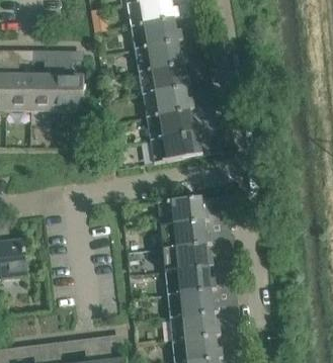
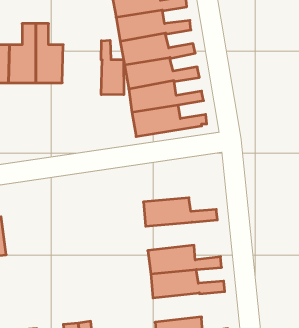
building: none -> [101,40,124,95]
building: [157,197,228,224] -> none
building: [162,244,233,271] -> none
building: [169,311,240,340] -> none

